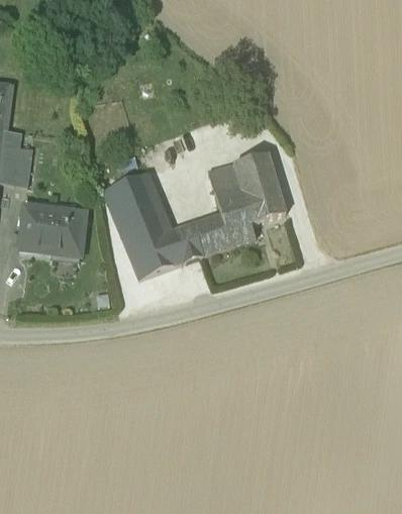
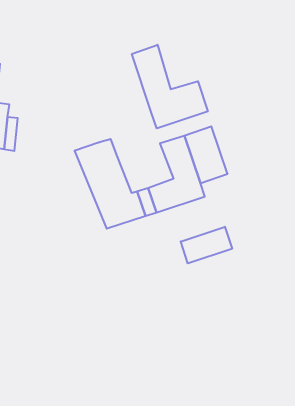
building: none -> [132,45,208,128]
building: [20,200,86,251] -> none
building: none -> [181,227,232,263]

